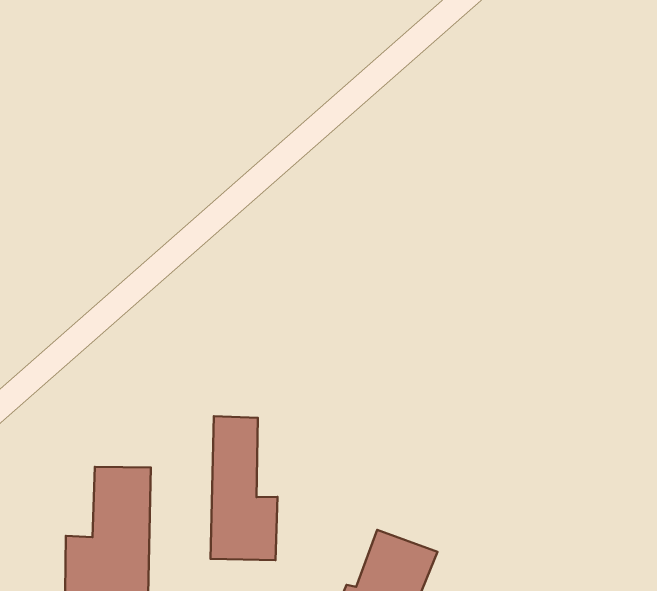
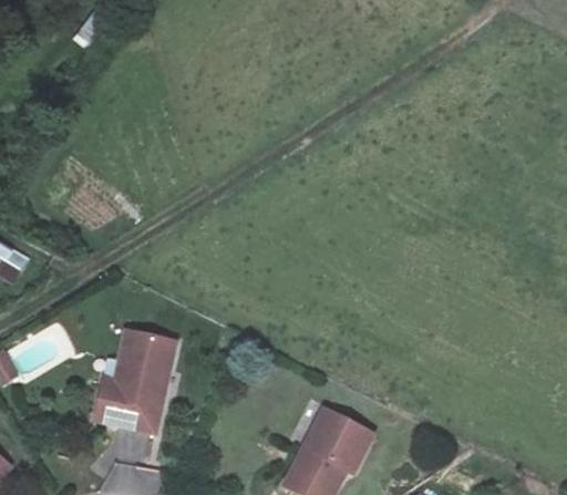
building: [211,416,278,560] -> none

